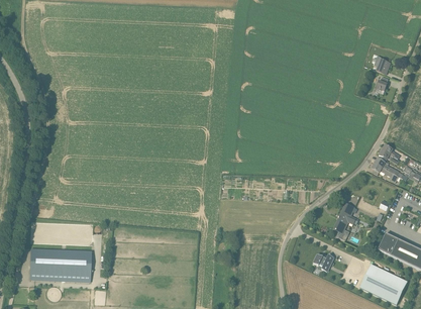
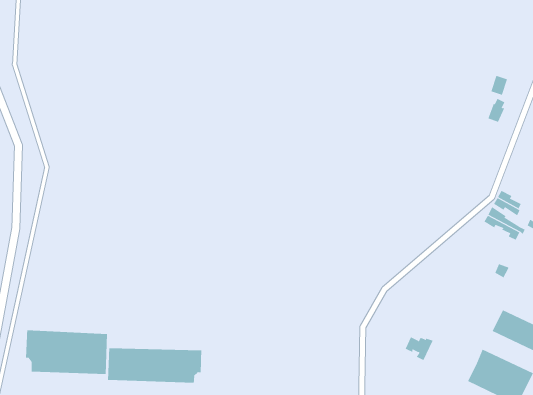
building: [333,203,358,233] -> none
building: none -> [108,348,202,384]

